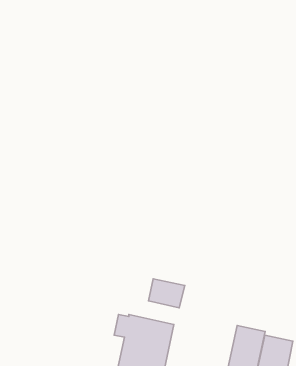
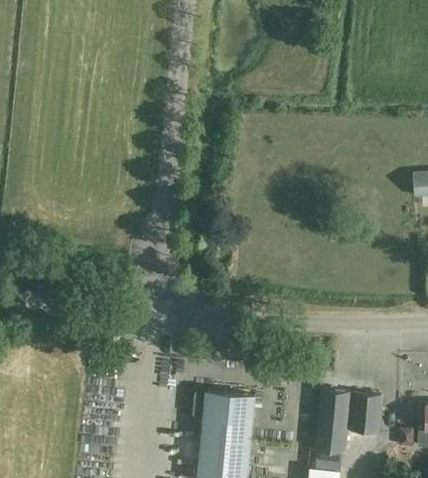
building: [148,279,185,308] -> none

